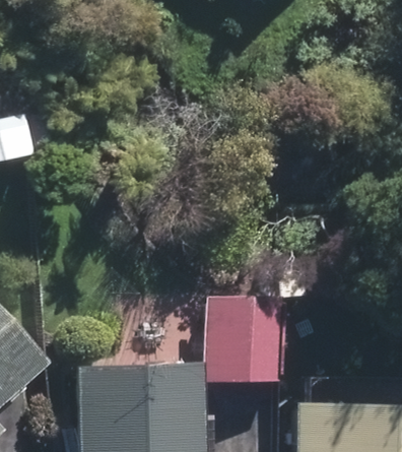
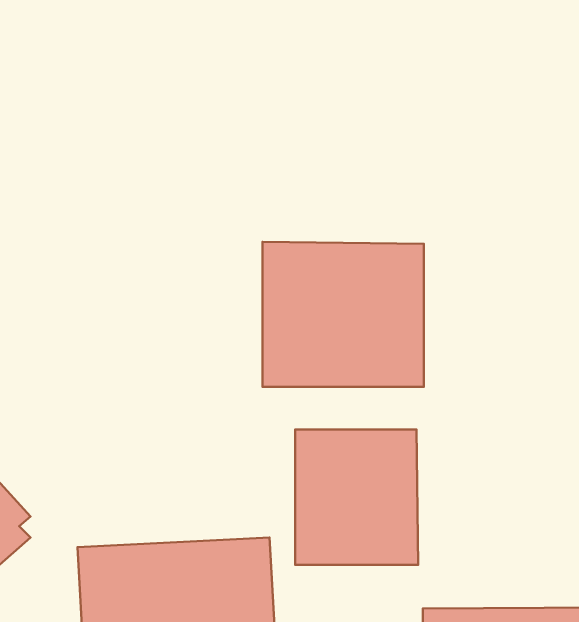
building: none -> [262,242,424,387]

